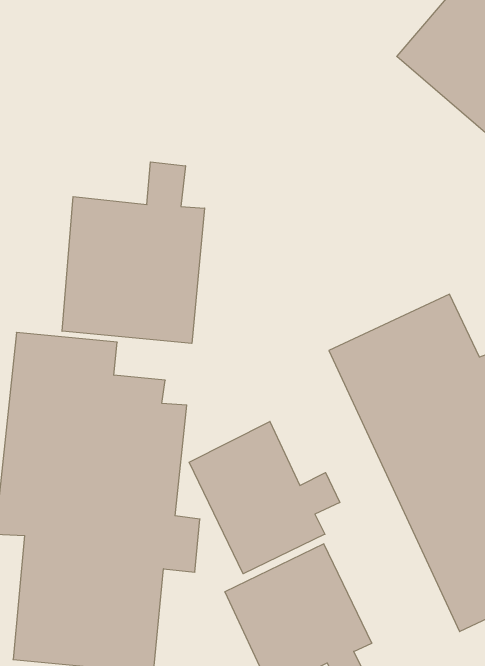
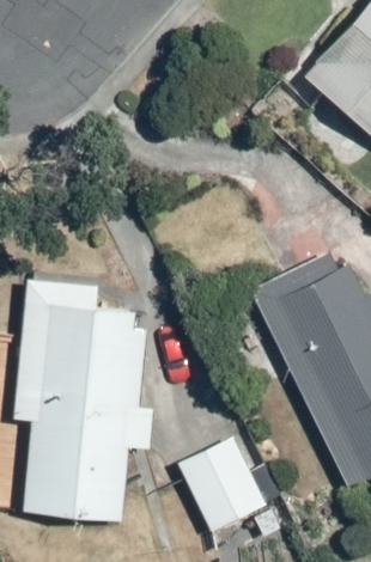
building: [62,162,205,343] -> none
building: [189,421,340,574] -> none

